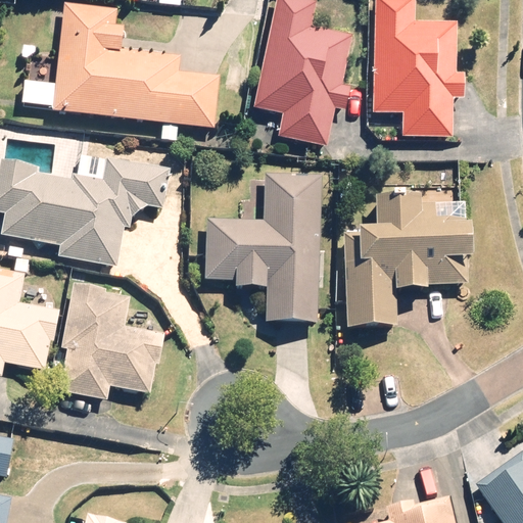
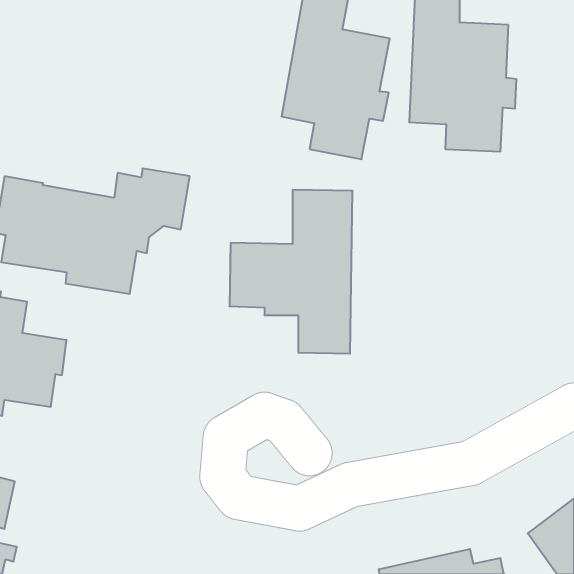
building: [21,4,220,139] -> none
building: [342,194,477,325] -> none
building: [60,281,165,398] -> none

